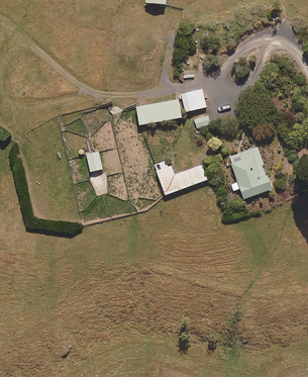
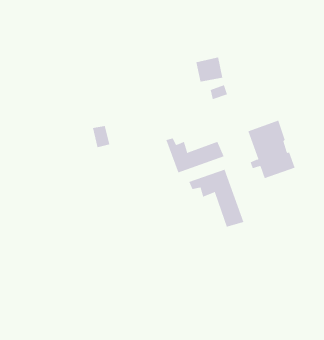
building: [134,100,181,125] -> none
building: none -> [188,169,244,228]

